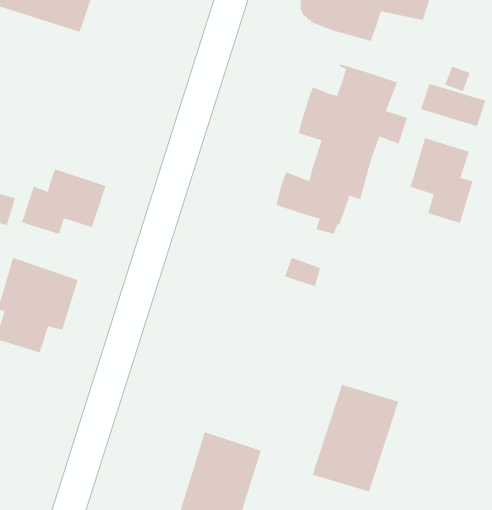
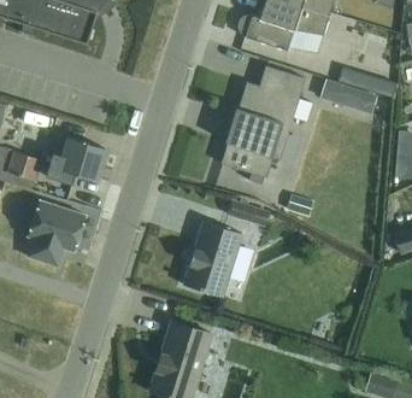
building: [410,138,473,224] -> none
building: [312,384,399,492] -> [183,222,243,297]

